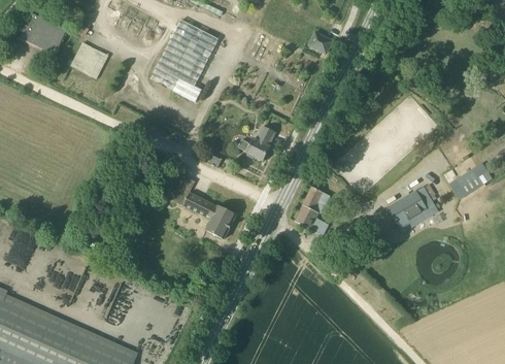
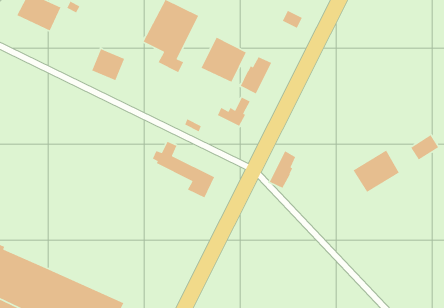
building: [70,42,107,78] -> [91,48,125,81]
building: none -> [200,37,247,83]
building: none -> [240,56,272,95]

